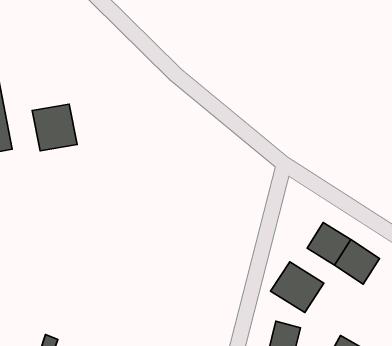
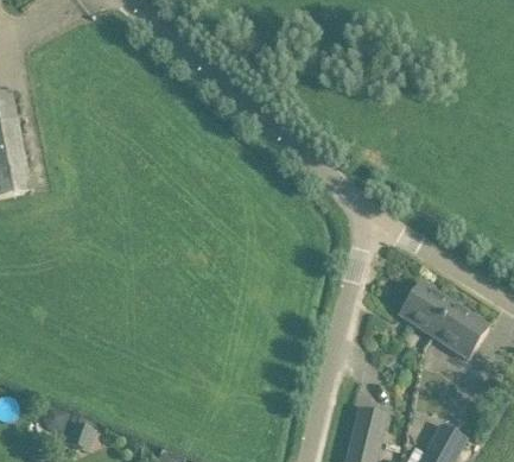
building: [32,104,77,151] -> none
building: [271,262,324,312] -> none

